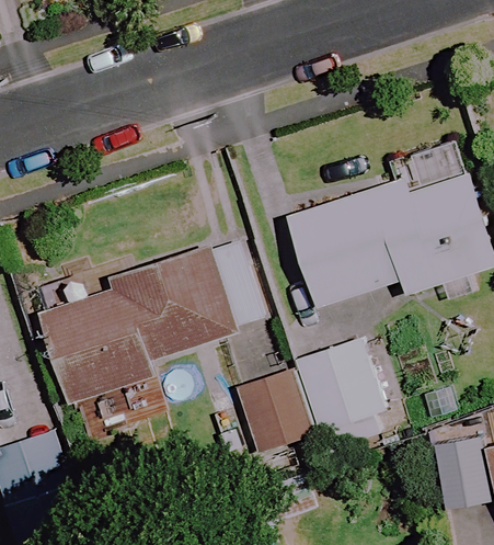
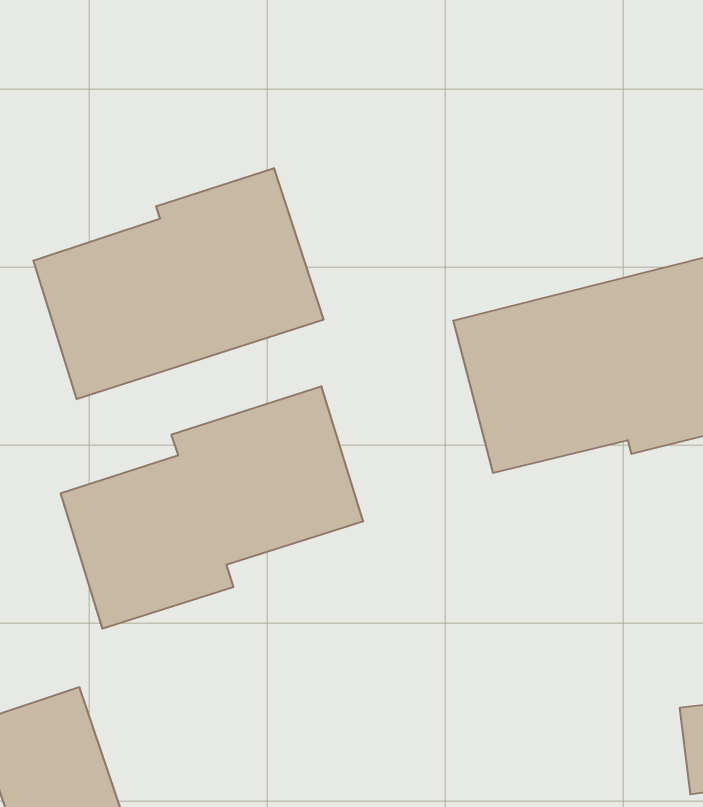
building: none -> [33,168,323,399]
building: [237,333,397,451] -> none

